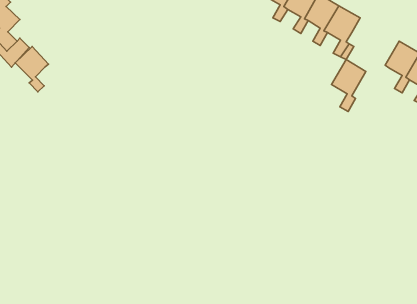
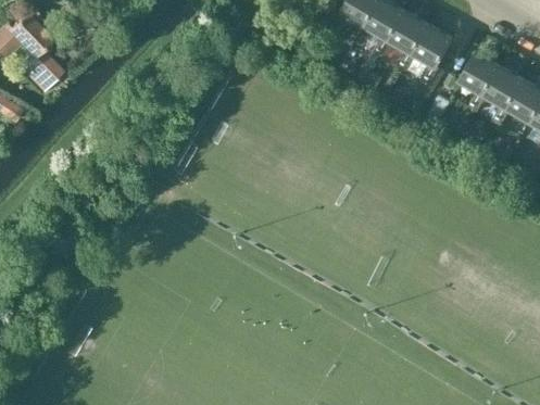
building: [15,47,48,92] -> none
building: [331,60,366,112] -> [457,50,498,111]

